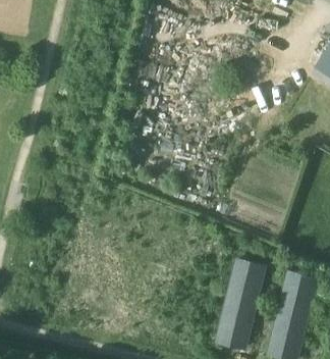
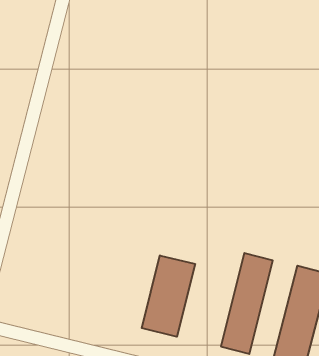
building: none -> [142,255,195,337]

